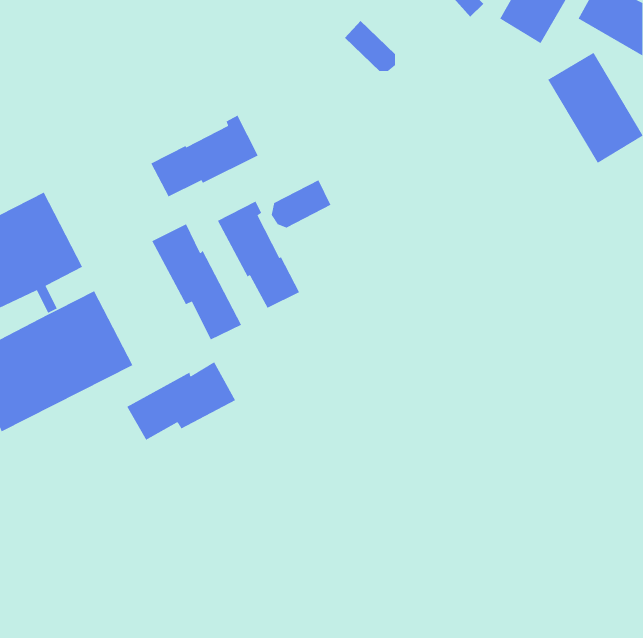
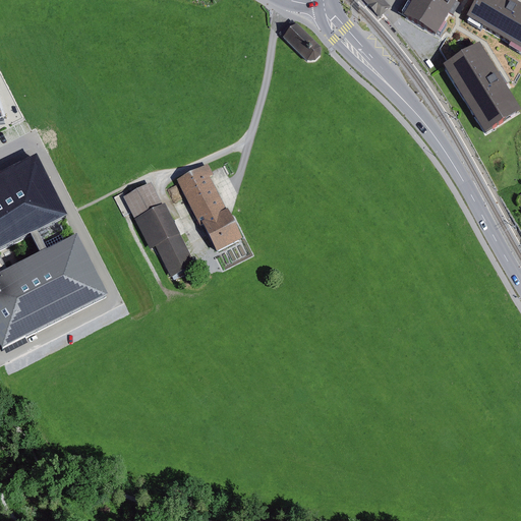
building: [150,115,259,197] -> none
building: [271,179,332,228] -> none
building: [126,361,236,441] -> none

